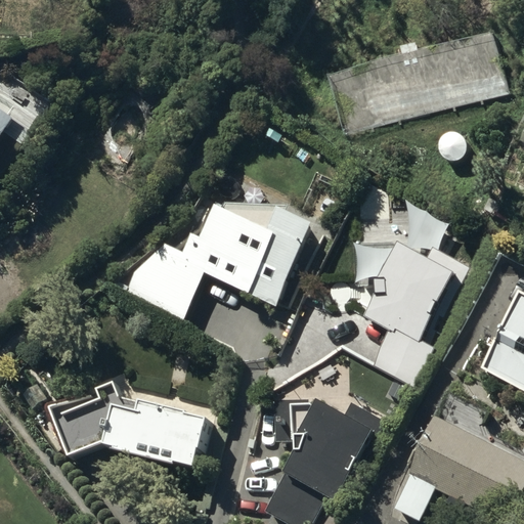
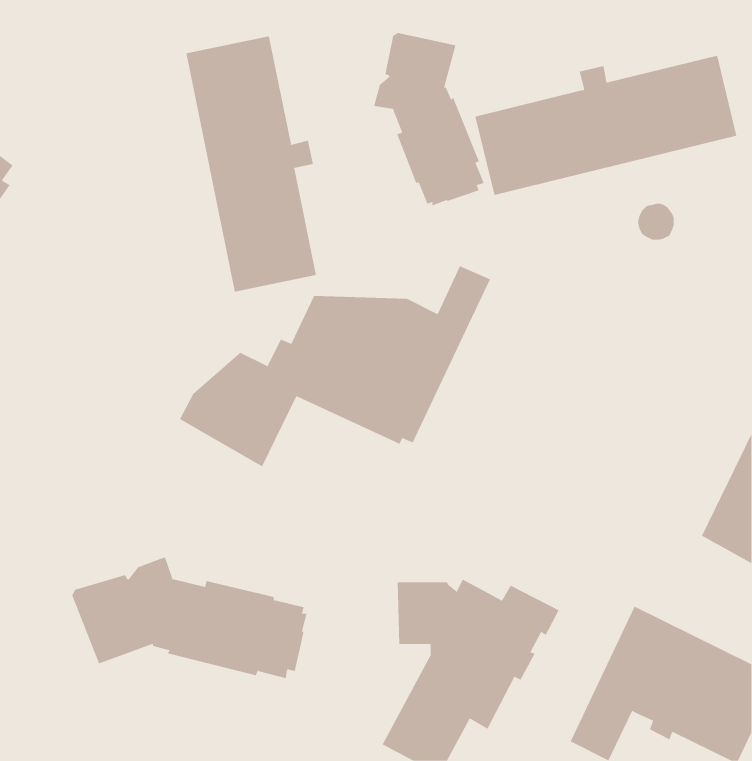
building: none -> [373,32,485,206]
building: none -> [186,36,317,292]
building: [353,242,468,386] -> none

